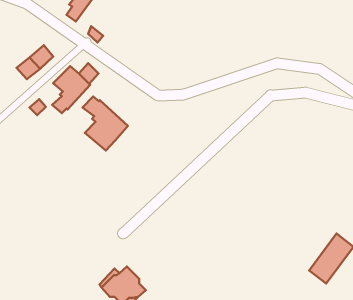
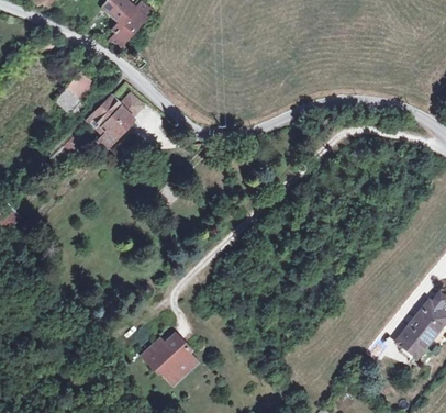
building: [83,96,128,150] -> none

